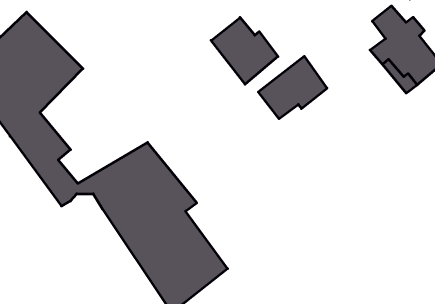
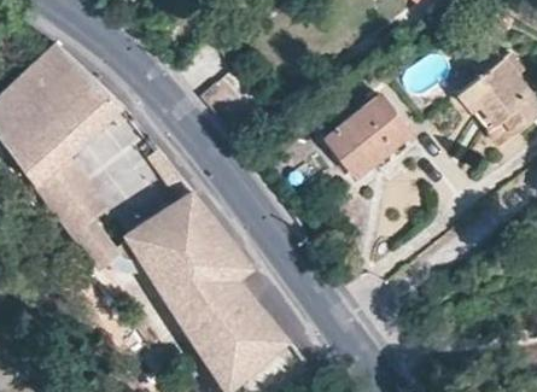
building: [211,17,278,84] -> none

